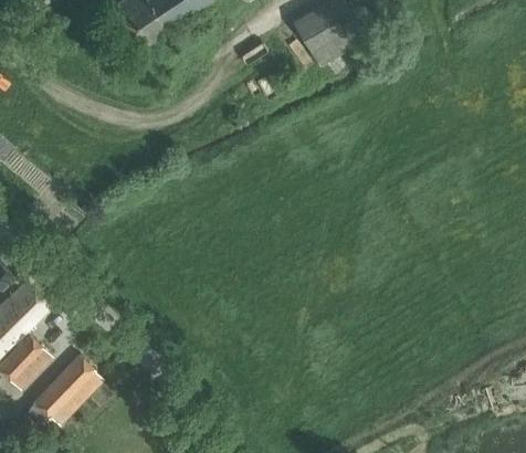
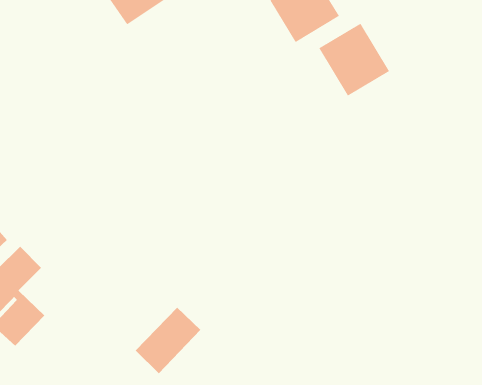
building: none -> [318,23,390,97]
building: [32,354,103,425] -> [135,307,201,374]

